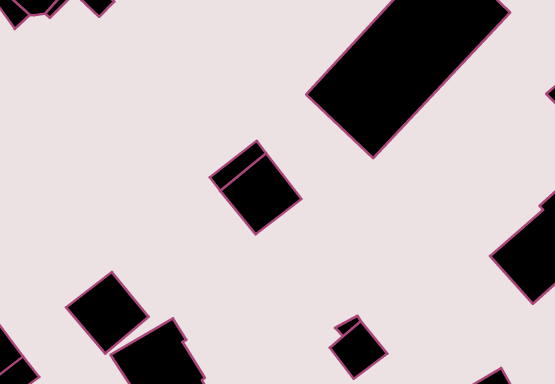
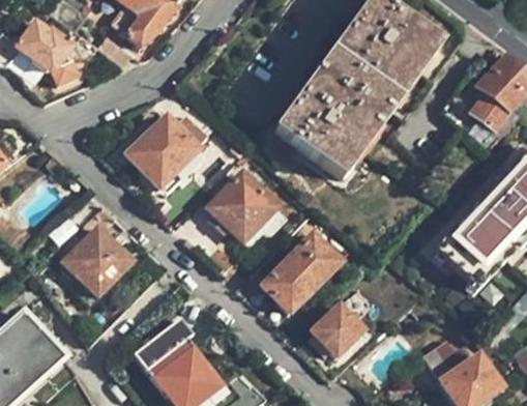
building: none -> [129,93,208,186]
building: none -> [263,241,342,316]
building: [66,272,149,354] -> [60,231,128,298]

